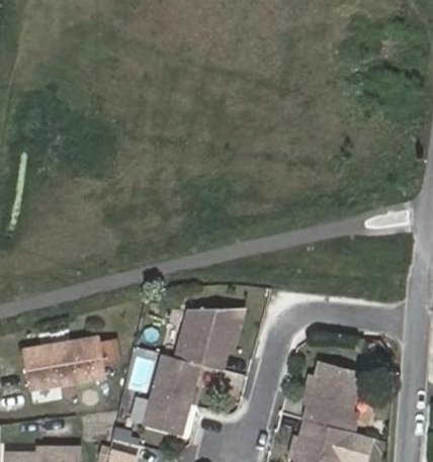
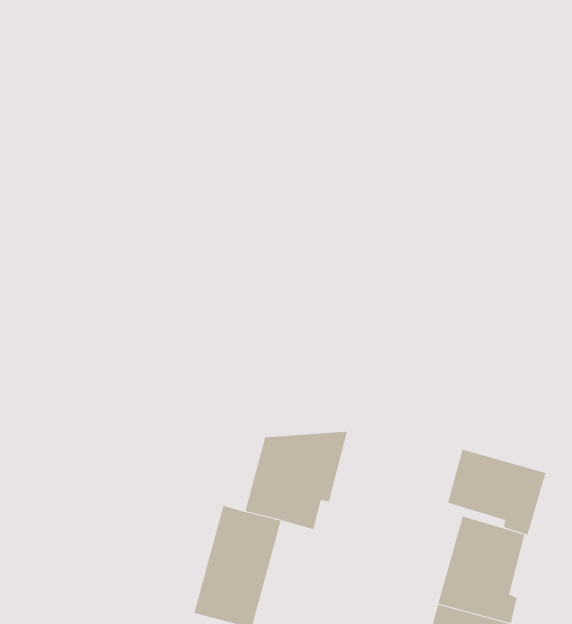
building: none -> [448,449,546,535]
building: [22,338,105,390] -> none

